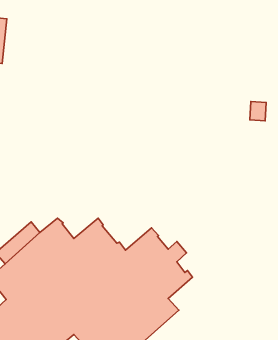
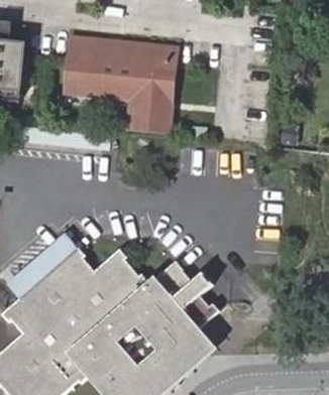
building: none -> [65,37,174,133]

